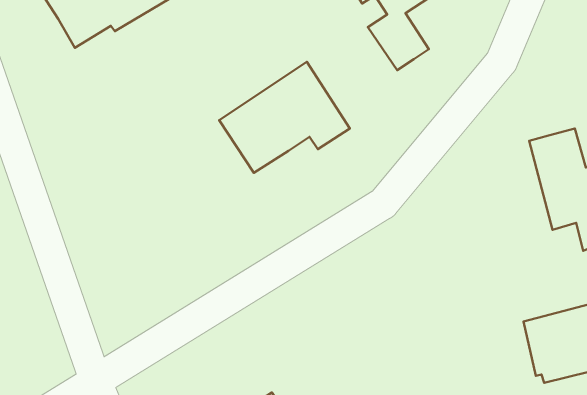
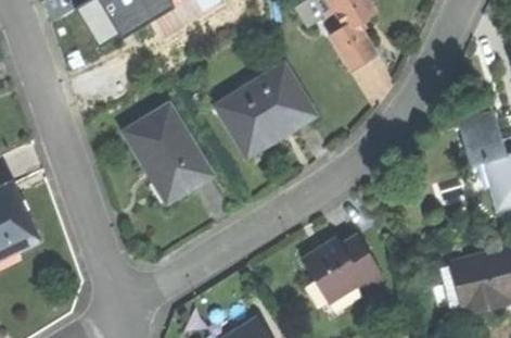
building: none -> [125,104,213,203]
building: none -> [301,236,384,297]

